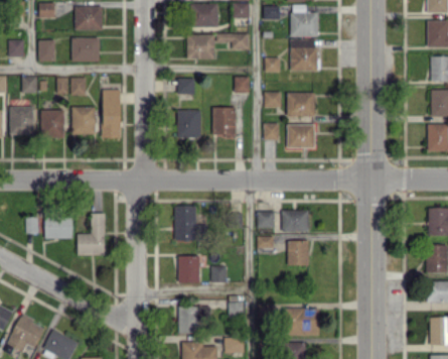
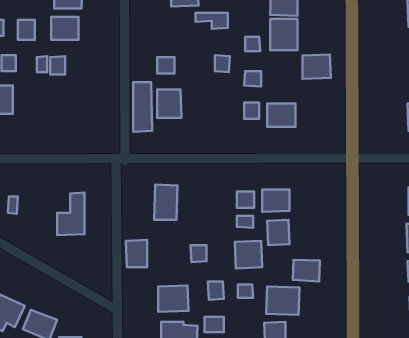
building: [186,34,215,58] -> none
building: [102,89,121,138] -> [133,82,152,132]
building: [287,92,315,116] -> [302,55,331,79]
building: [71,106,95,134] -> none
building: [212,107,237,137] -> none
building: [40,109,64,137] -> none
building: [44,216,72,238] -> none
building: [178,255,199,282] -> [126,240,147,267]
building: none -> [235,241,262,268]
building: none -> [293,260,320,281]

